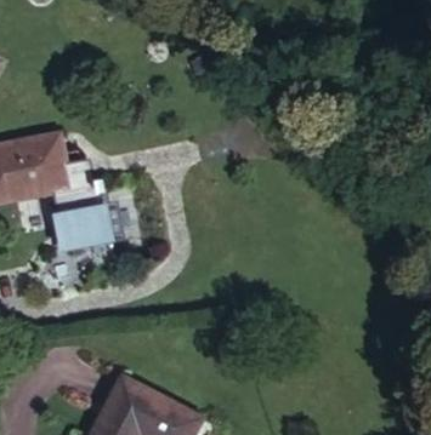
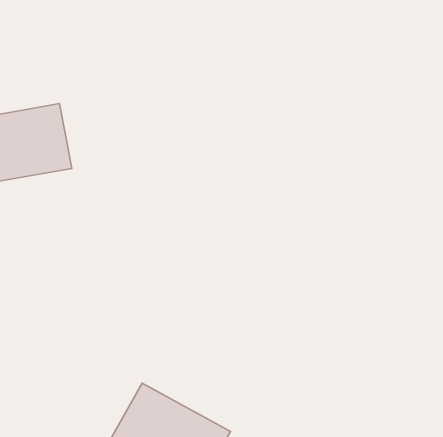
building: [56,214,118,263] -> none

